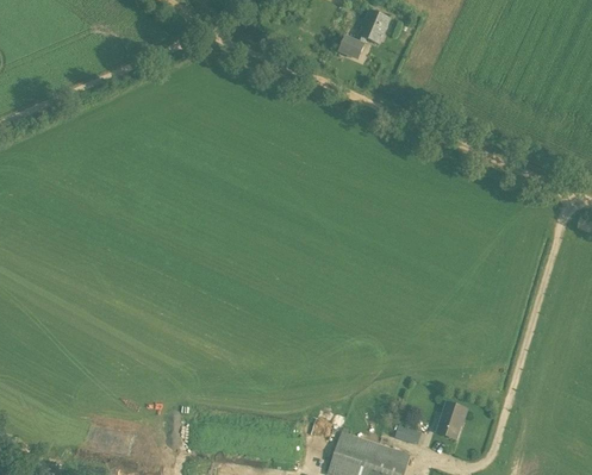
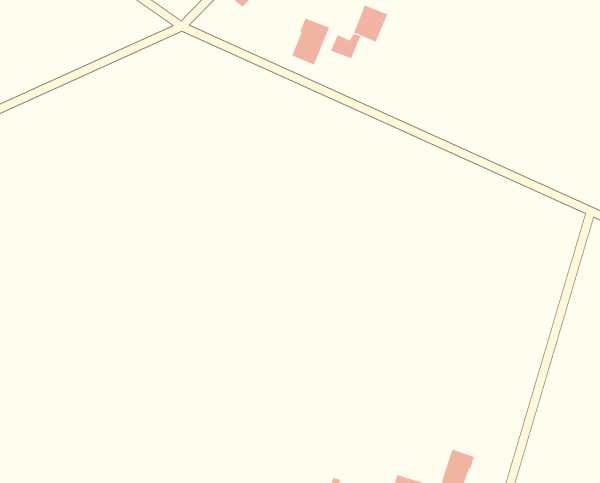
building: none -> [292,18,330,65]

